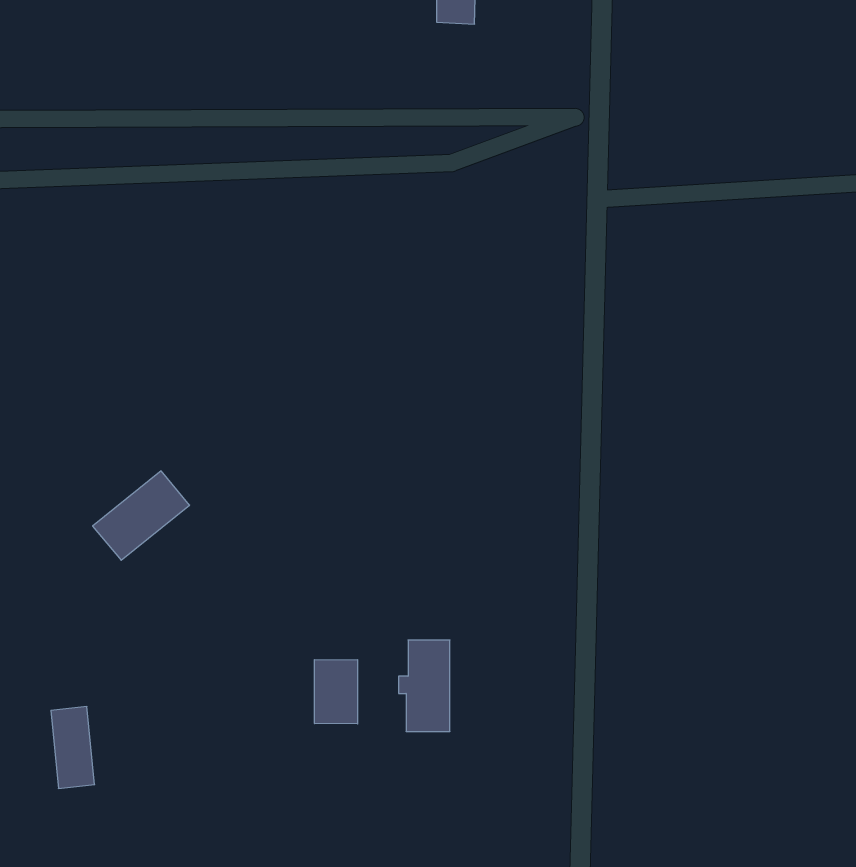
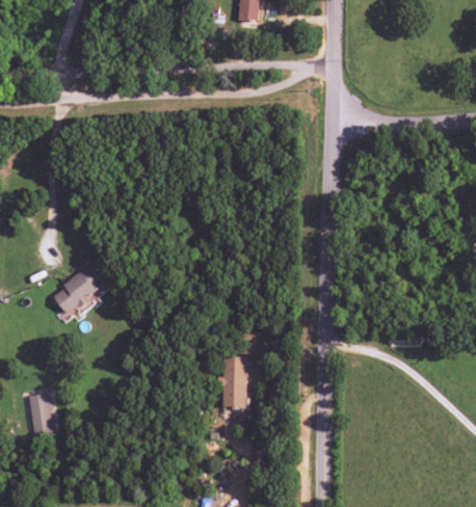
building: [315,660,358,724] -> none

